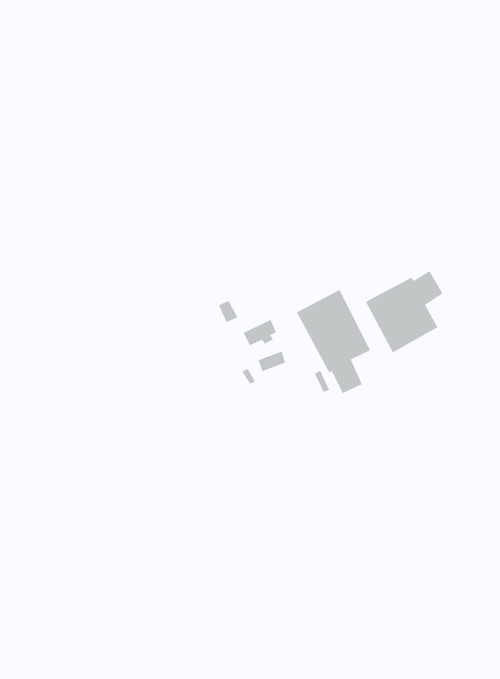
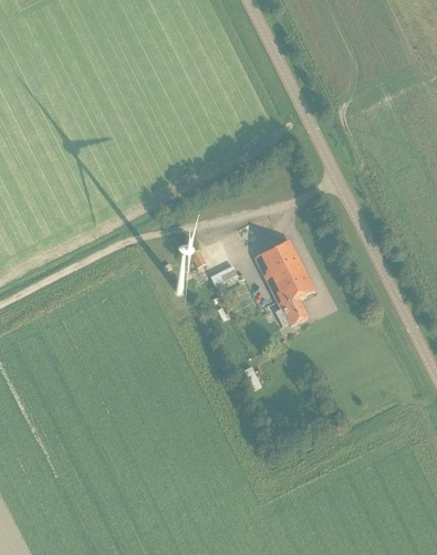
building: [365,270,443,353] -> none

